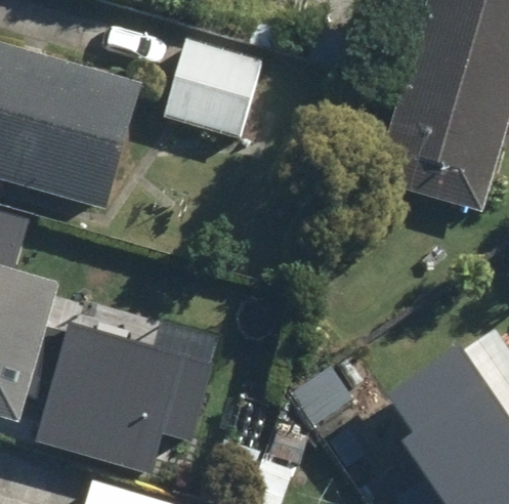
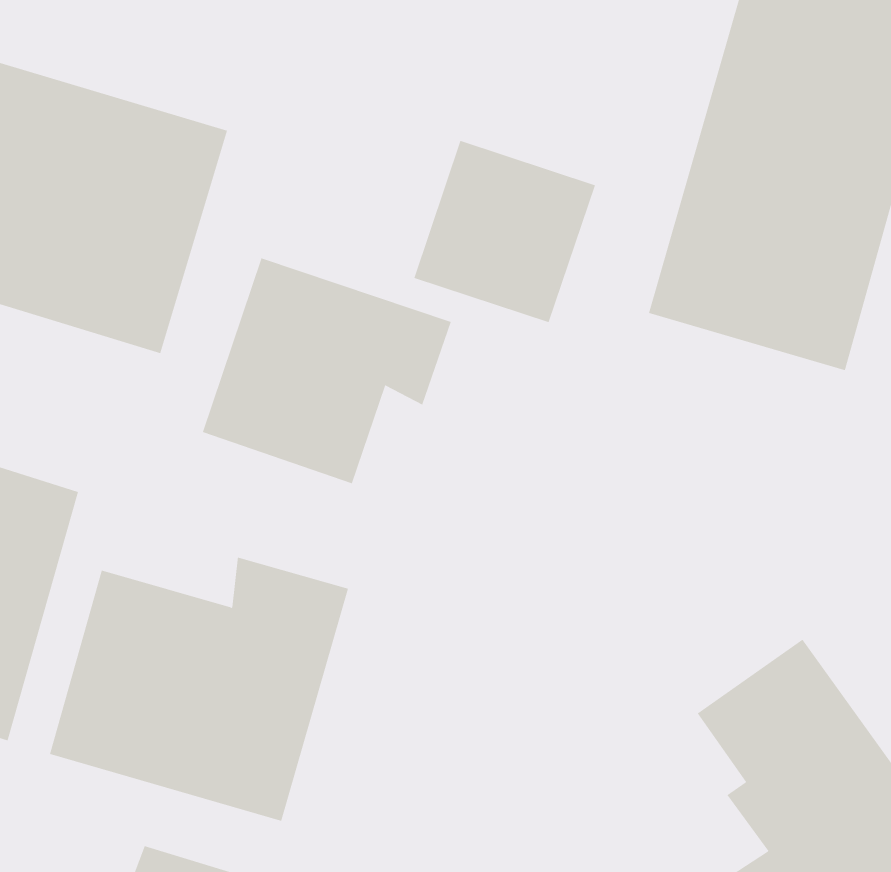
building: [163,37,263,137] -> [413,140,596,323]
building: none -> [202,257,451,484]

